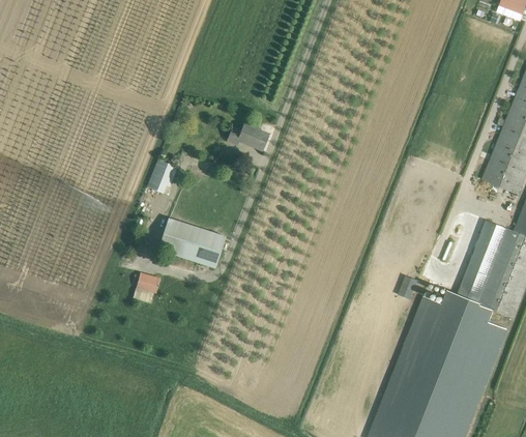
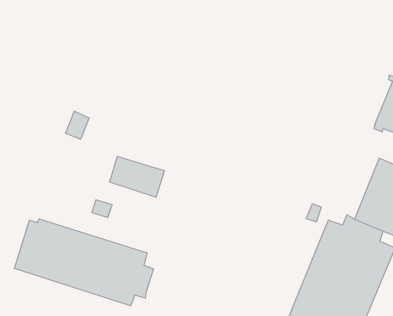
building: [228,123,268,149] -> none
building: [147,158,176,193] -> [66,111,89,139]
building: none -> [14,219,154,306]

